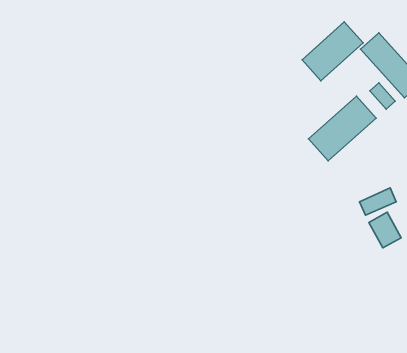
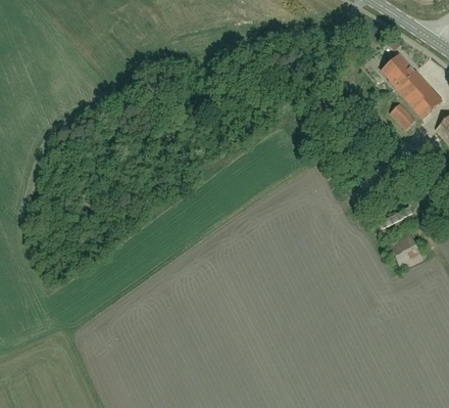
building: [302,22,363,81] -> none
building: [309,96,376,161] -> none

